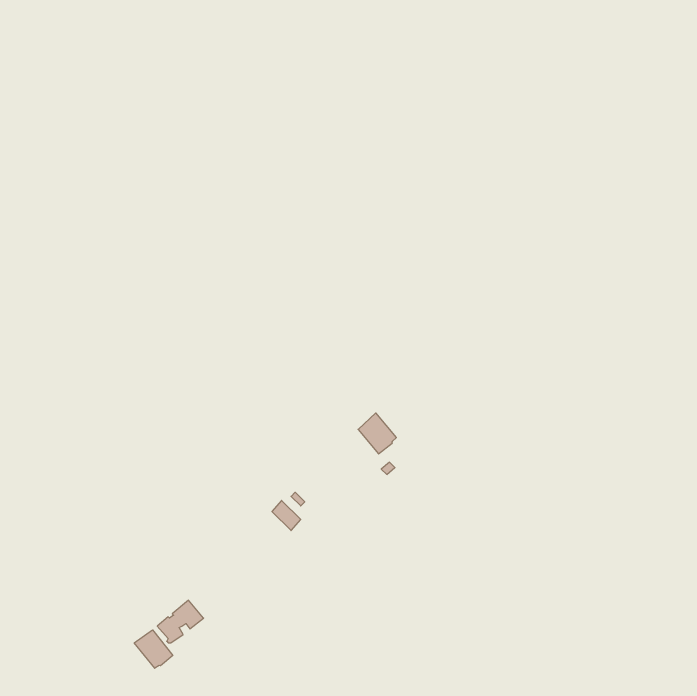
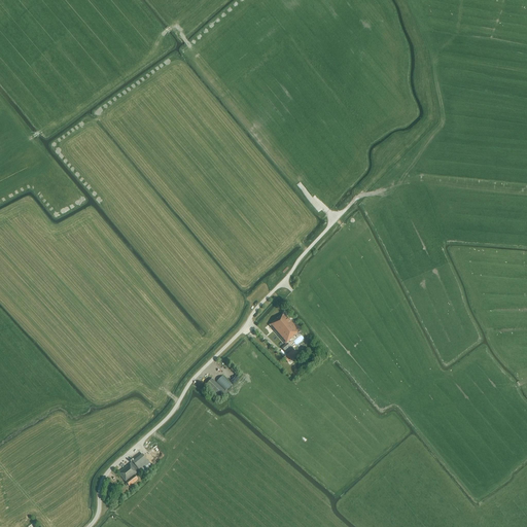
building: [134,630,173,668] -> none

